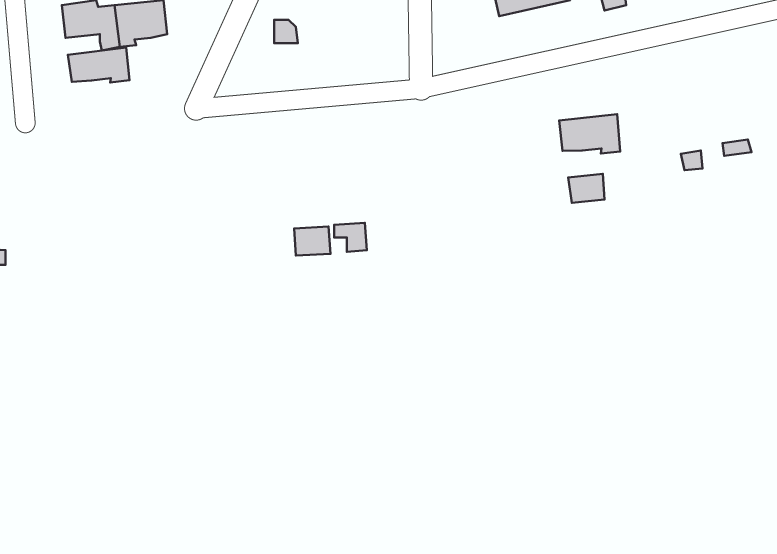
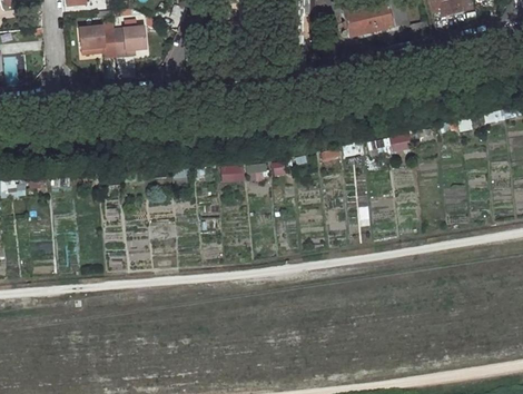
building: [68,47,129,83] -> none
building: [559,114,620,153] -> none

